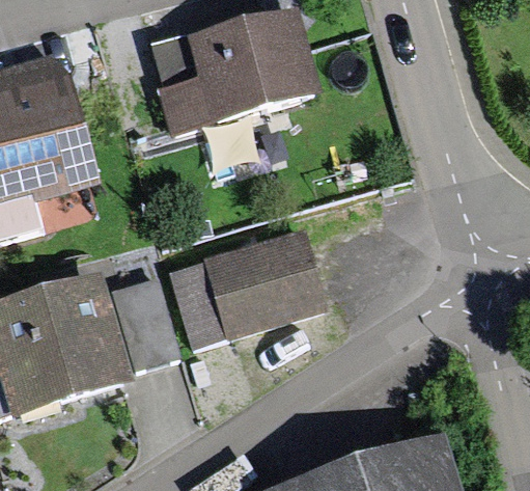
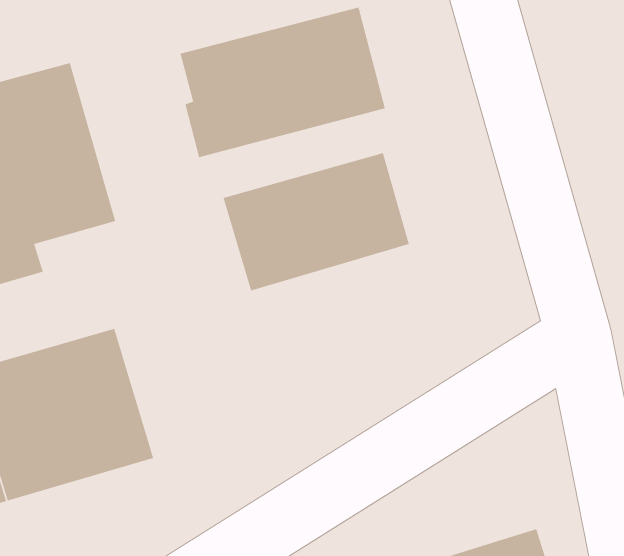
building: [169,236,323,350] -> [222,152,410,291]
building: [109,280,178,373] -> none

